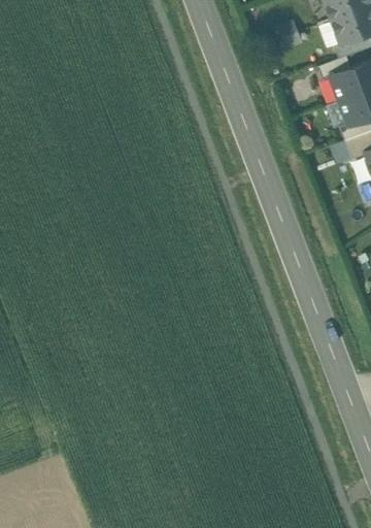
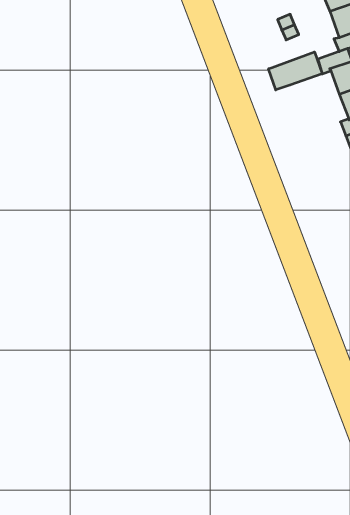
building: none -> [269,52,322,90]

